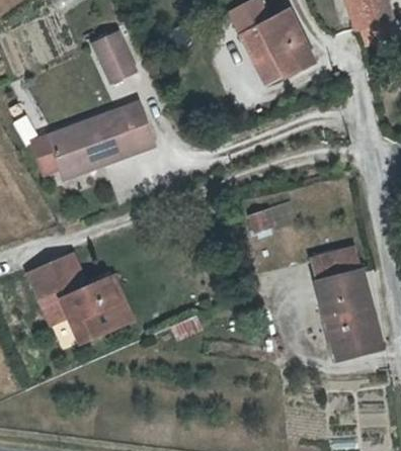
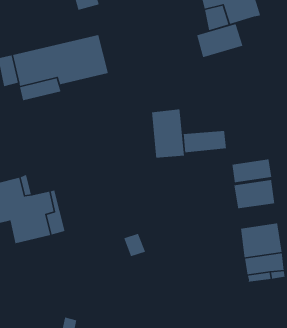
building: none -> [196,23,243,58]
building: none -> [151,109,185,158]
building: [312,269,357,299] -> [232,159,272,183]

